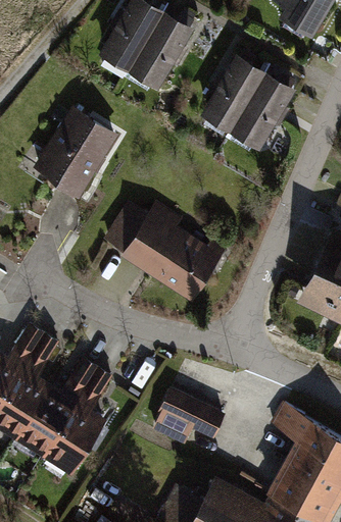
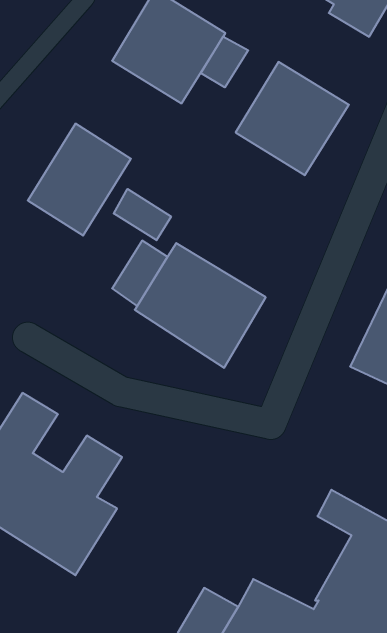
building: none -> [201,36,248,87]
building: none -> [114,189,171,240]
building: [152,388,226,447] -> none

